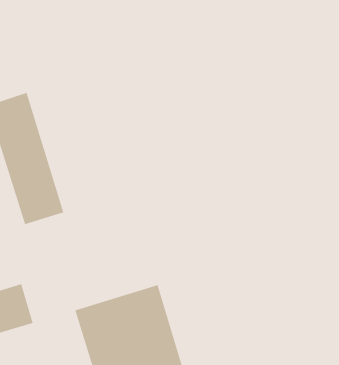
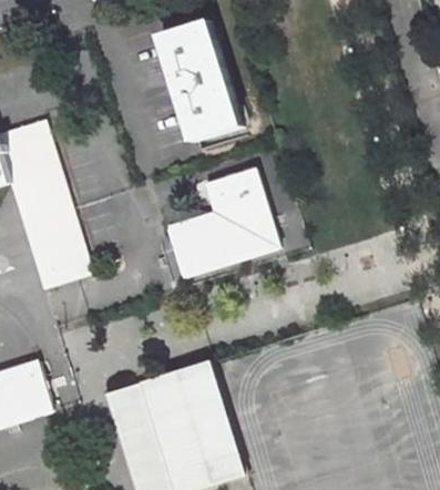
building: none -> [158,19,243,142]
building: none -> [167,169,279,276]

